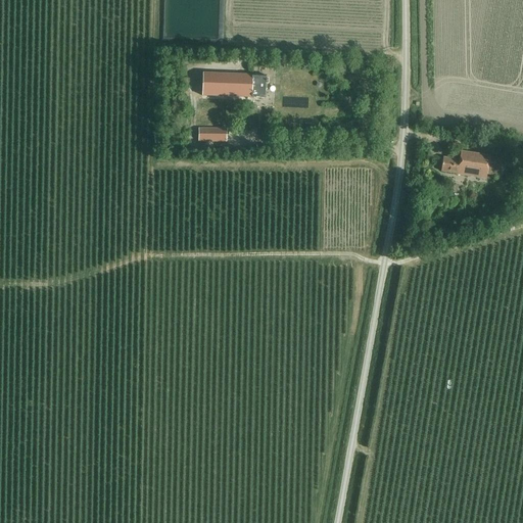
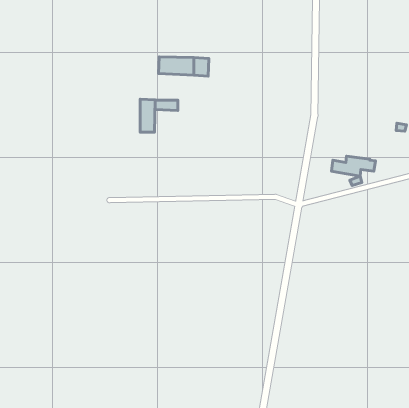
building: none -> [140,99,155,132]
building: [440,151,496,177] -> [331,156,375,176]

